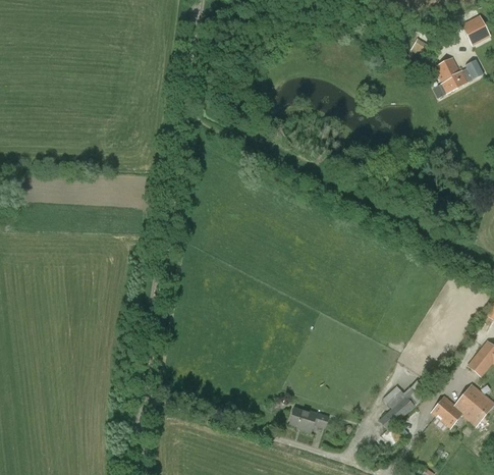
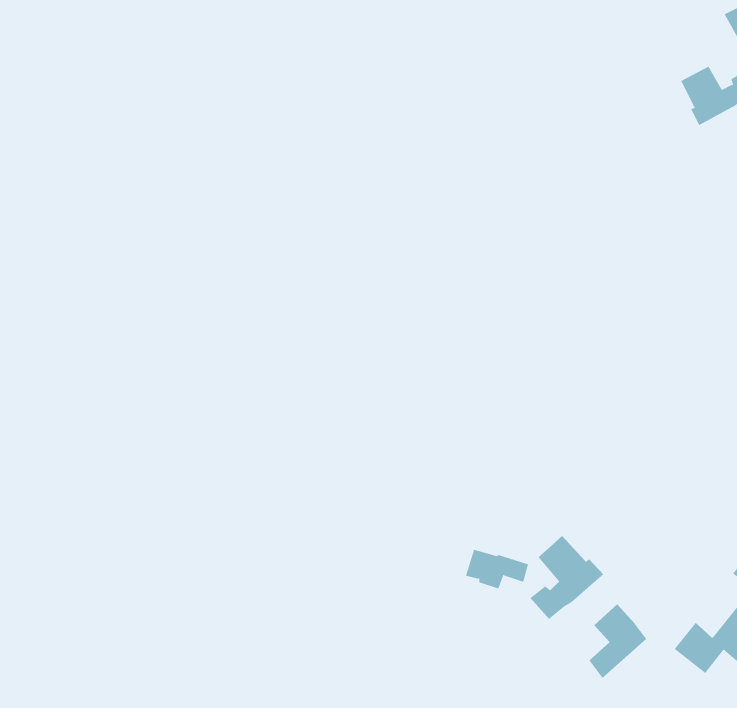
building: none -> [530,535,604,620]
building: [290,407,329,431] -> [465,549,529,589]

